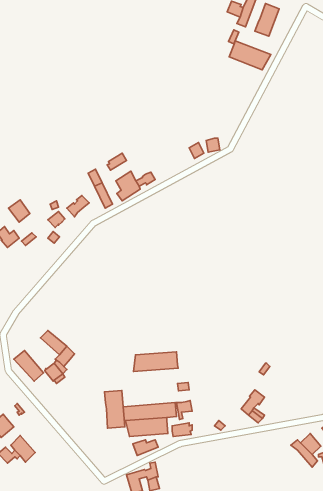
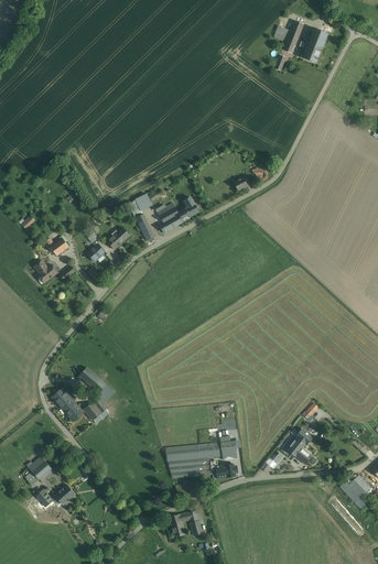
building: [229,41,271,70] -> none
building: [134,352,178,372] -> none
building: [105,390,125,428] -> none

